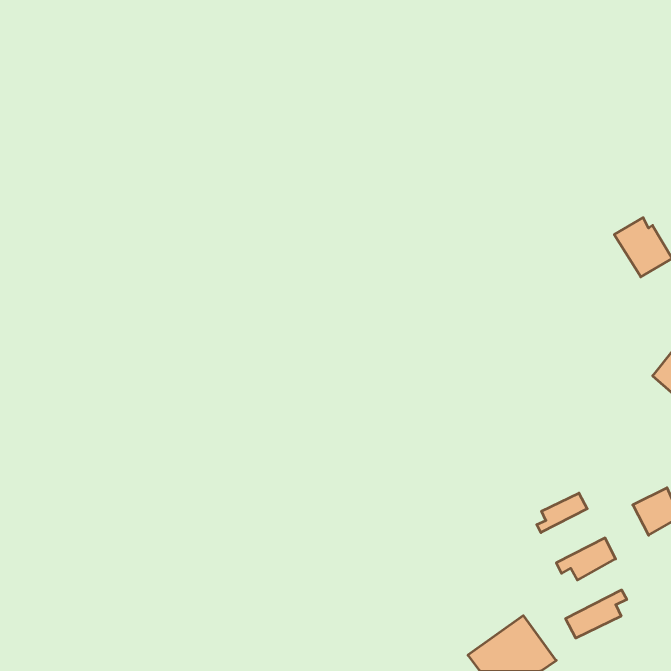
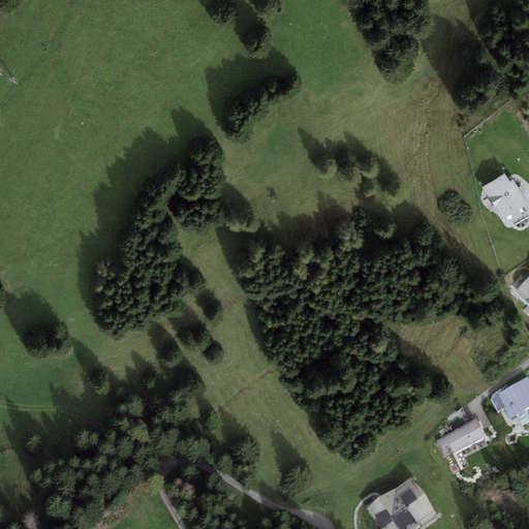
building: [537,493,587,533] -> none
building: [566,590,627,638] -> none

